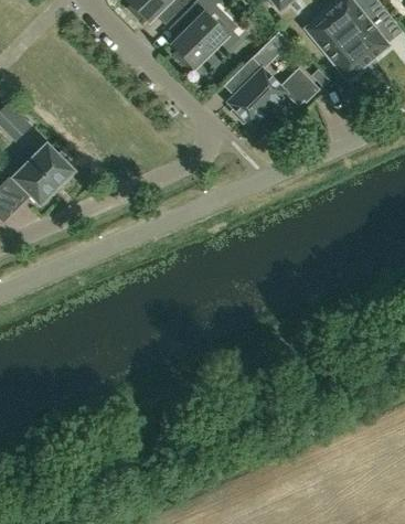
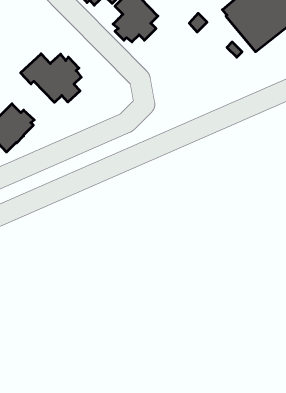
building: [227,57,320,127] -> none
building: none -> [21,54,81,102]

